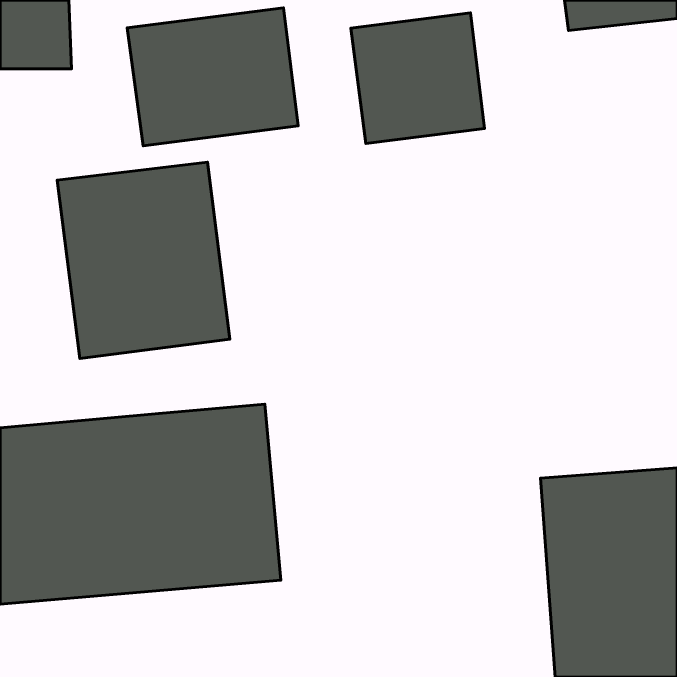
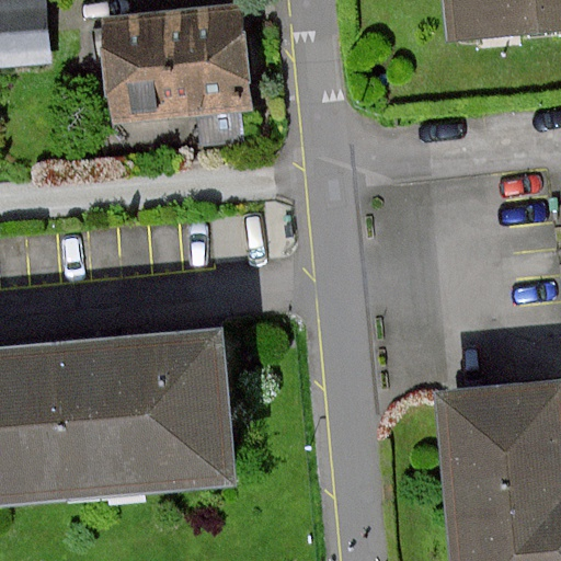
building: [351,13,484,143] -> none
building: [57,162,230,359] -> none

